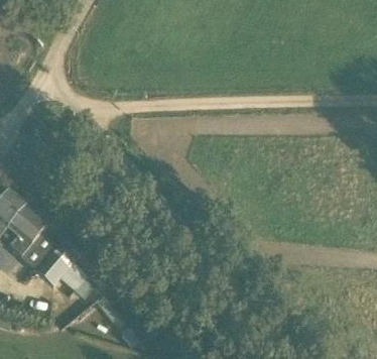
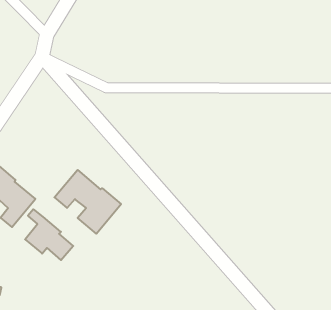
building: none -> [54,170,121,234]

